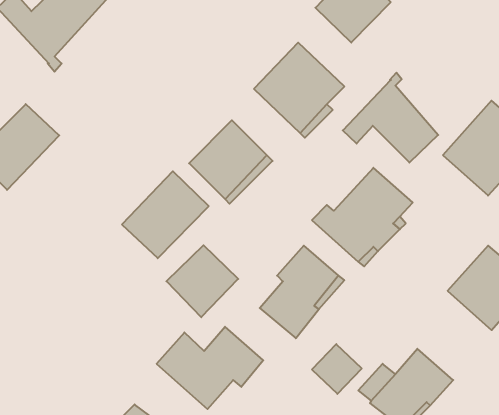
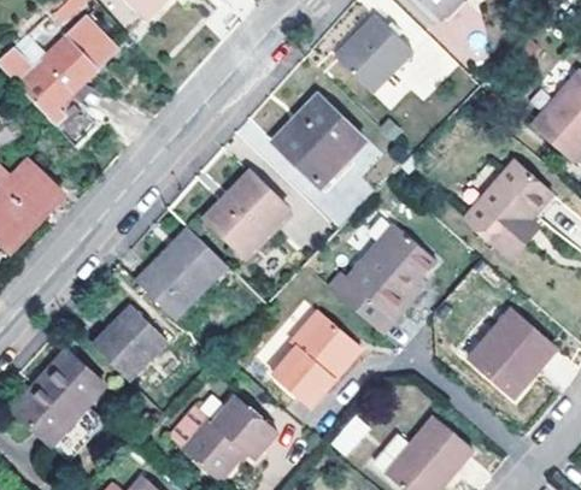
building: [343,73,438,163] -> none
building: [166,245,238,317] -> [90,311,165,385]
building: none -> [10,355,102,464]

